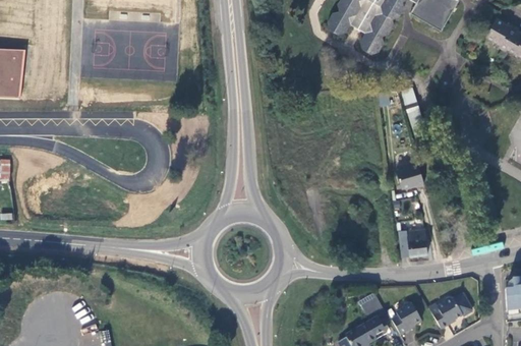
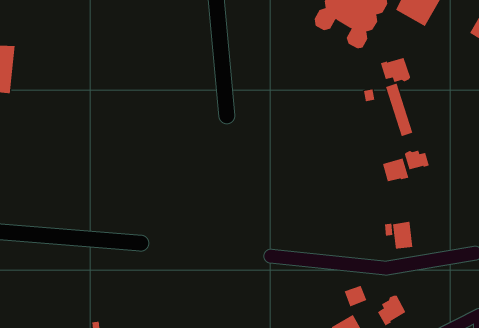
building: none -> [380,57,411,83]
building: none -> [404,150,429,170]
building: [432,297,462,330] -> none

